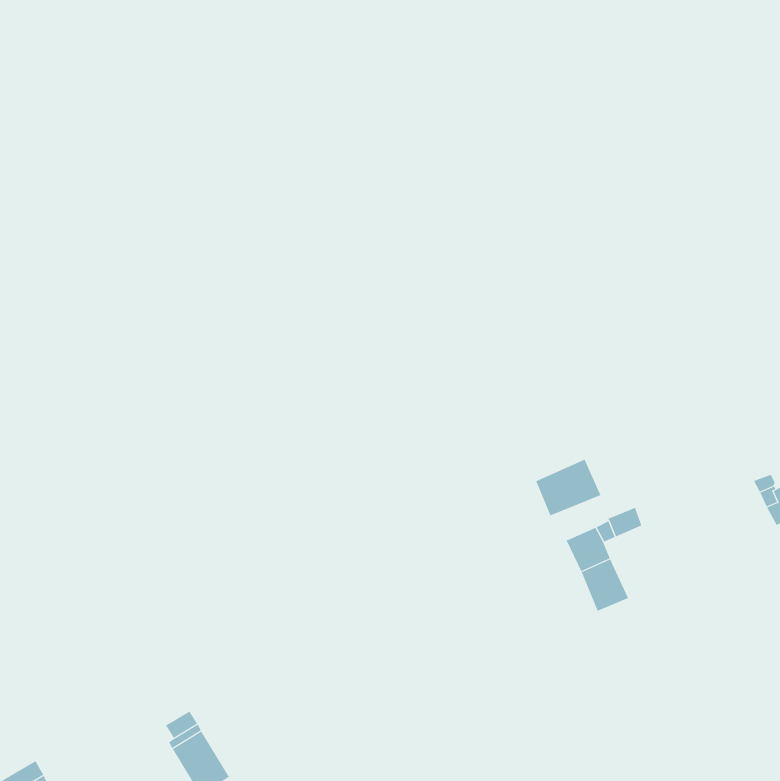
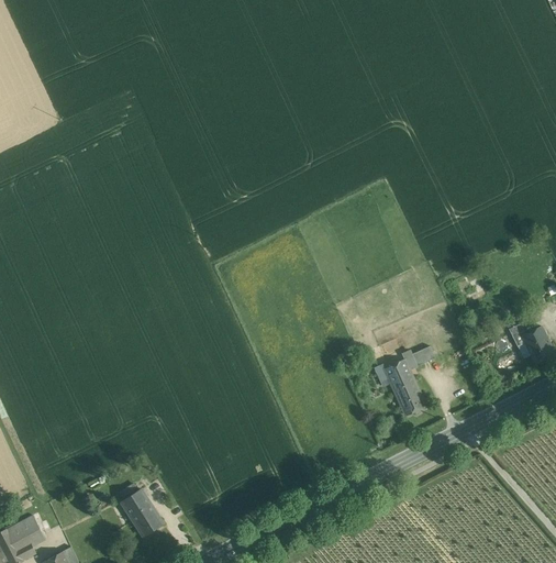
building: [535,459,601,516] -> none

